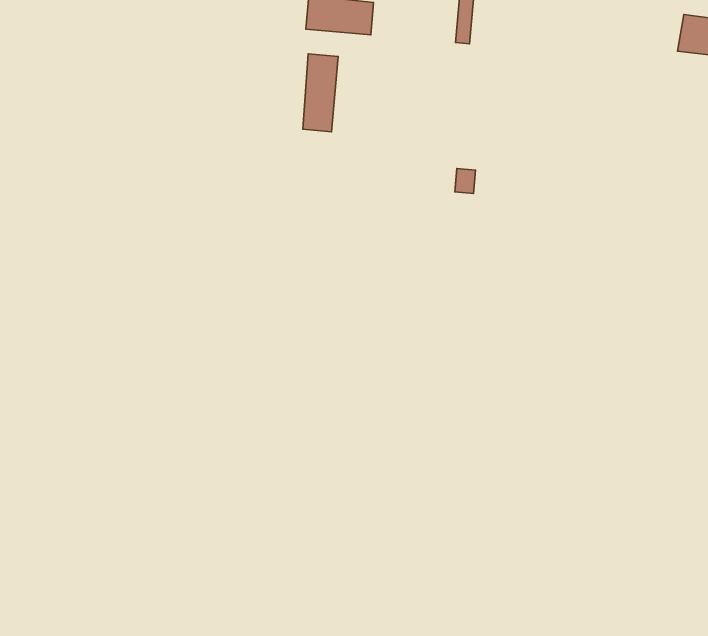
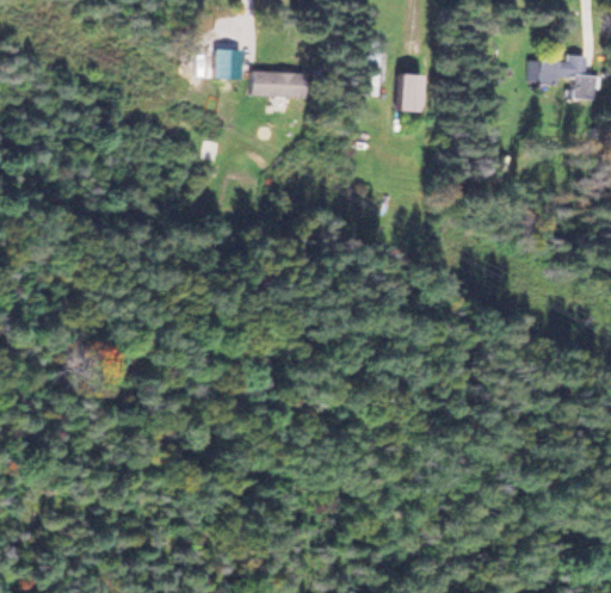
building: none -> [399,74,424,112]
building: [303,54,338,132] -> none

